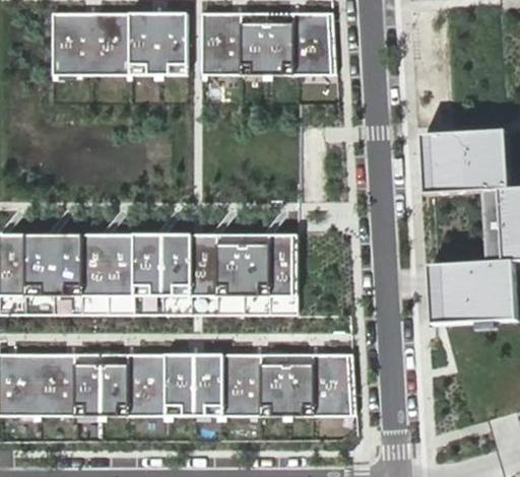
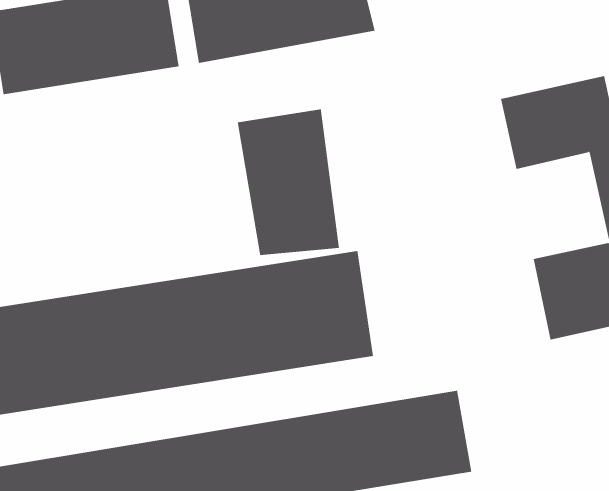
building: none -> [237,108,339,256]

